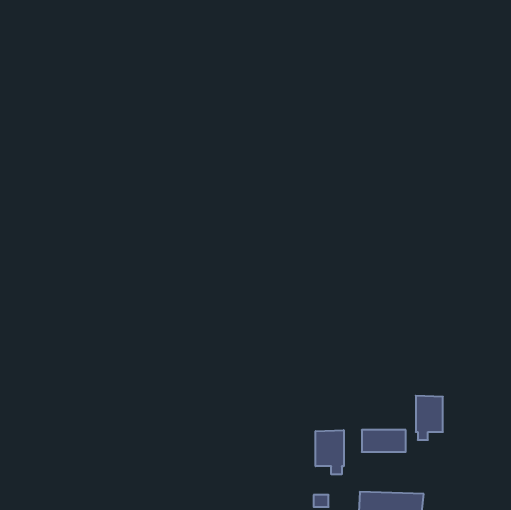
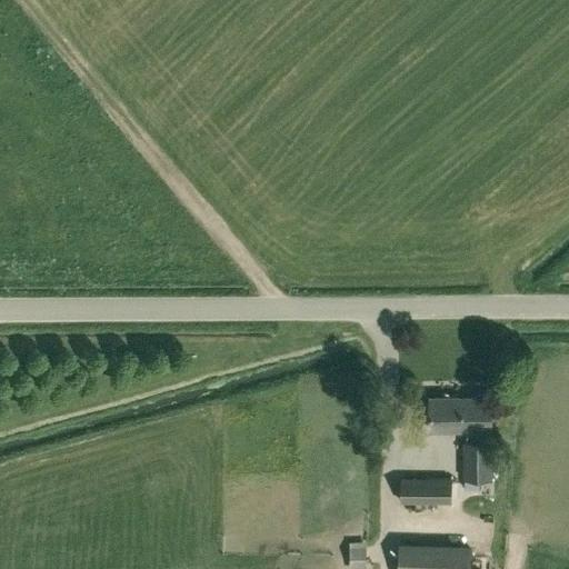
building: none -> [429,398,490,430]
building: [316,430,344,474] -> none

